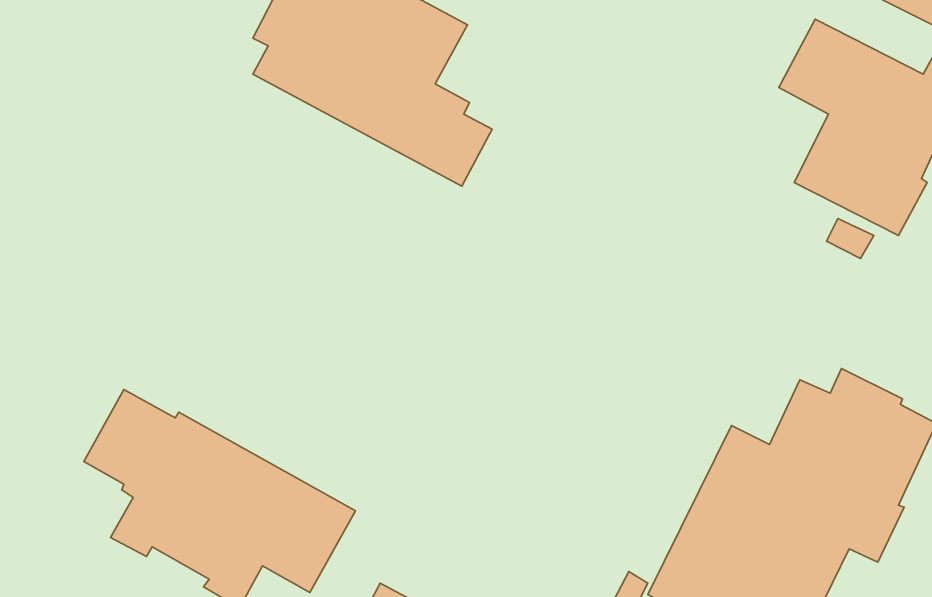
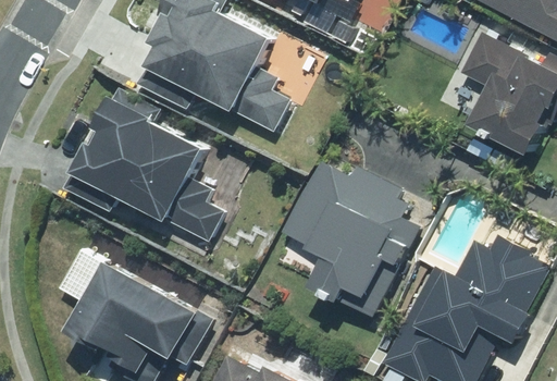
building: none -> [76,95,225,239]
building: none -> [283,167,410,314]

